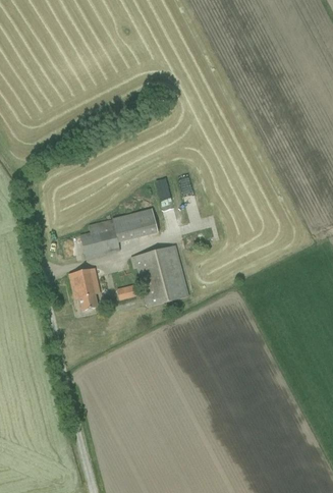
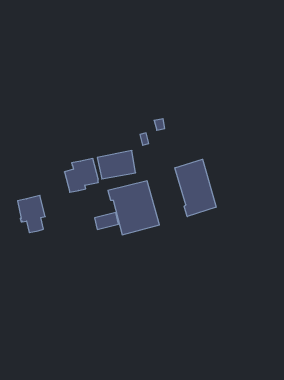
building: none -> [175,159,216,217]
building: [69,267,101,310] -> [18,195,45,233]

